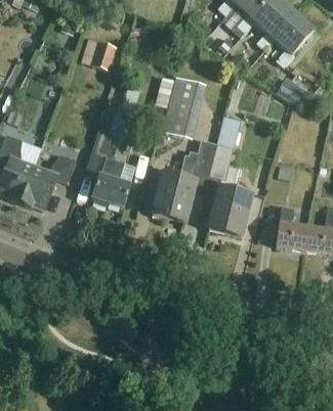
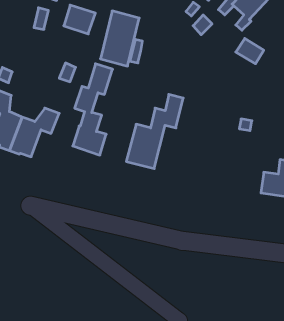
building: [162,76,206,138] -> [100,11,139,66]
building: [208,107,250,236] -> none
building: [276,205,307,249] -> none

